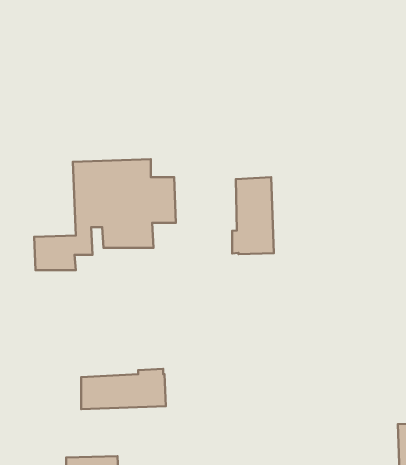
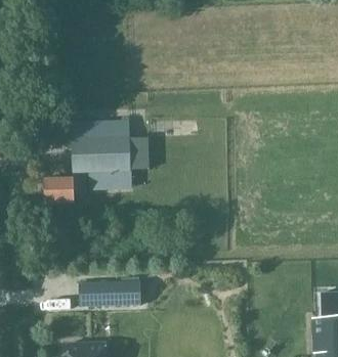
building: [232,177,274,254] -> none

